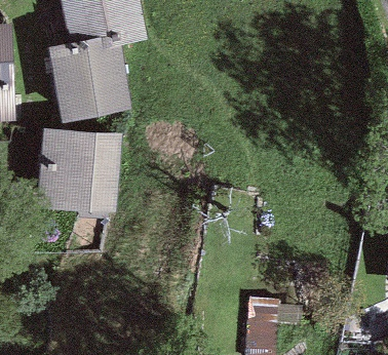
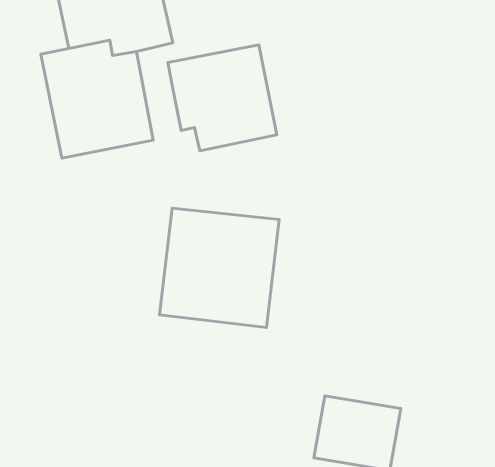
building: none -> [168,45,277,151]
building: [35,129,122,216] -> [160,208,279,328]

